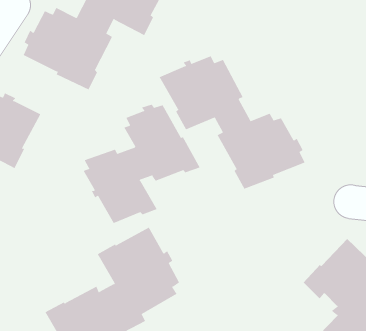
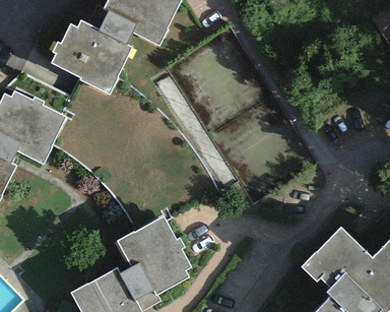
building: [159,55,305,190] -> none
building: [83,104,200,224] -> none

